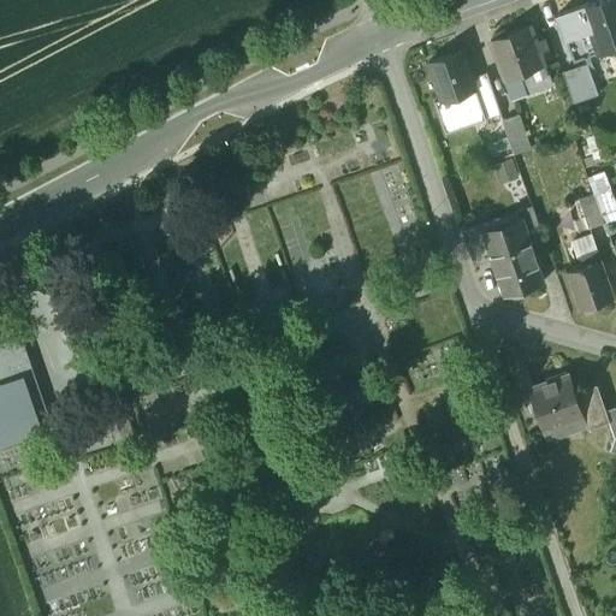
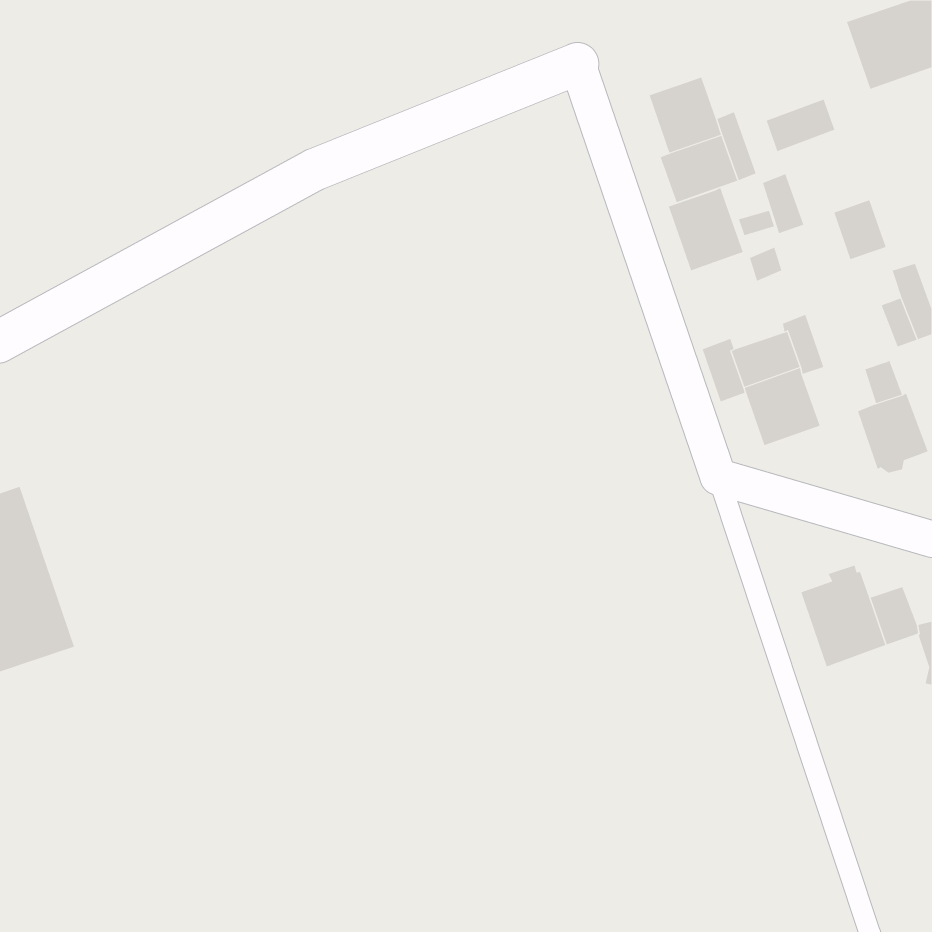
building: [491,28,545,81] -> none
building: [562,65,597,105] -> [833,200,886,260]
building: none -> [668,187,743,271]

